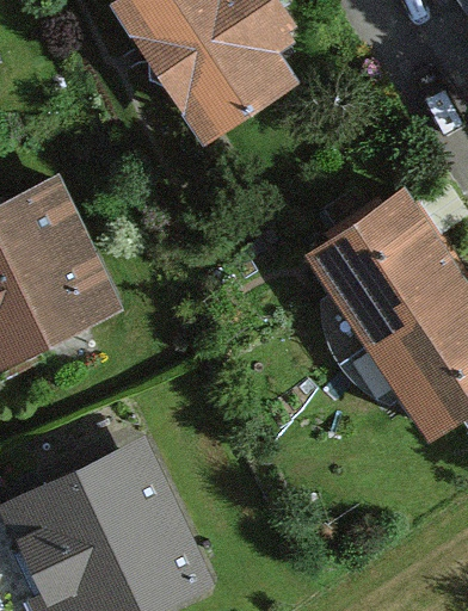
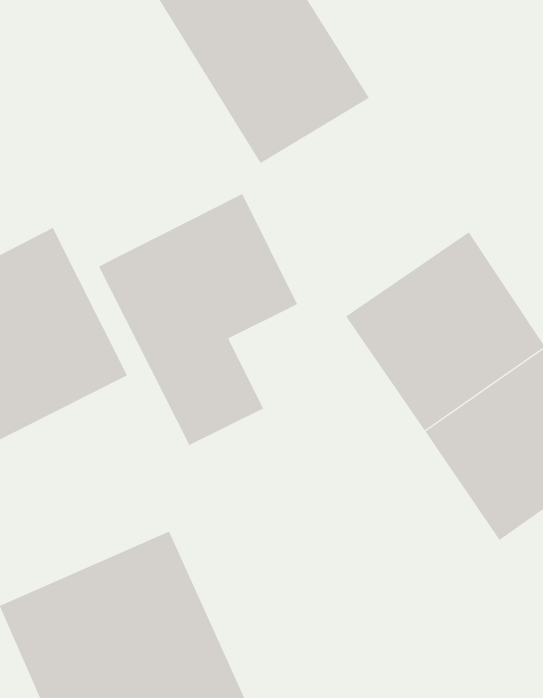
building: none -> [98,193,298,446]

